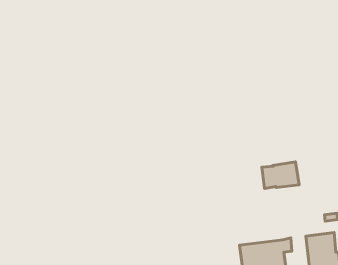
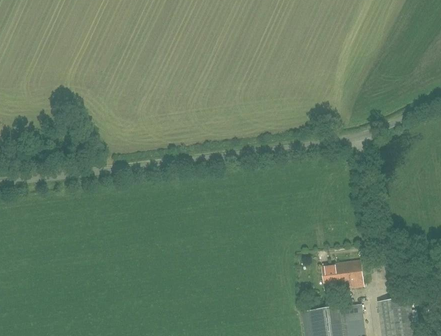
building: [262,162,299,188] -> [322,259,364,289]

